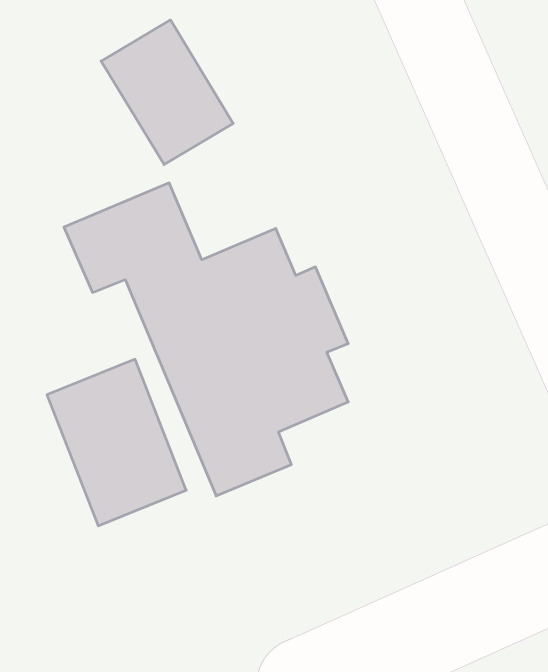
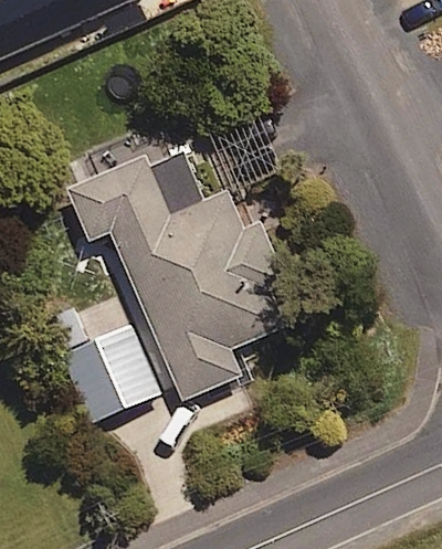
building: [101,20,233,165] -> none

